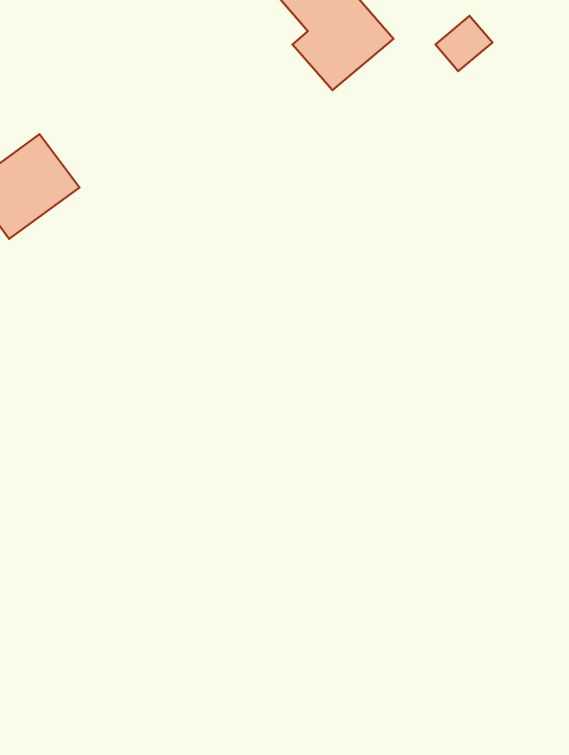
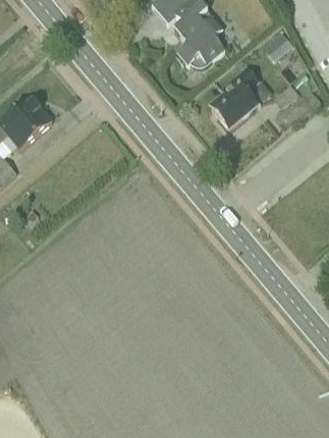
building: none -> [209,63,271,123]

